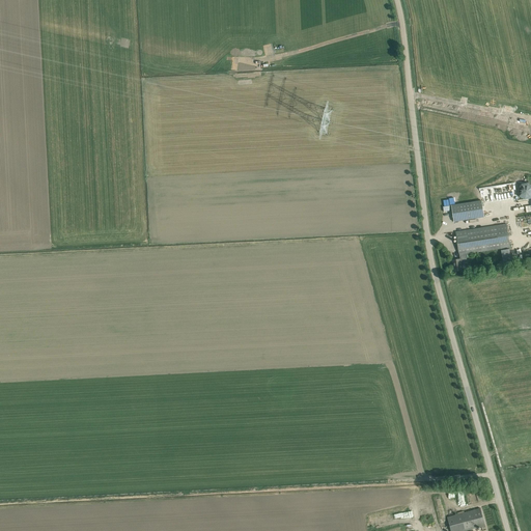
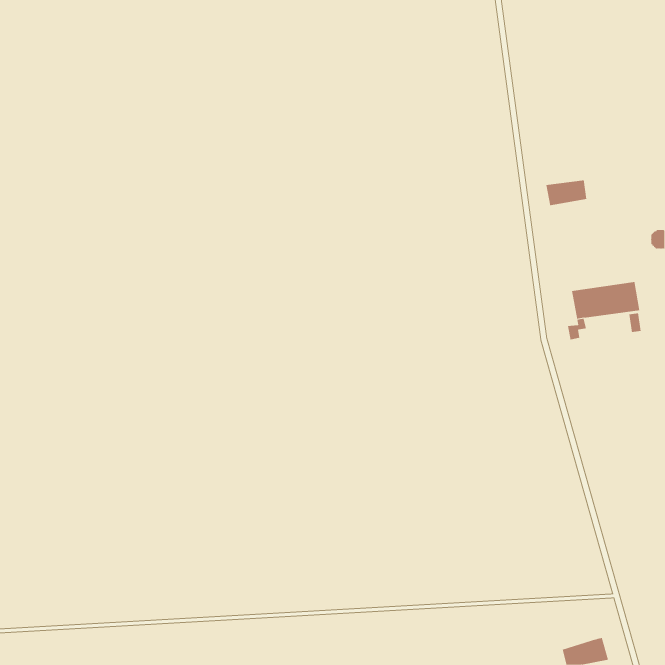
building: [450,200,483,221] -> [546,180,587,206]

